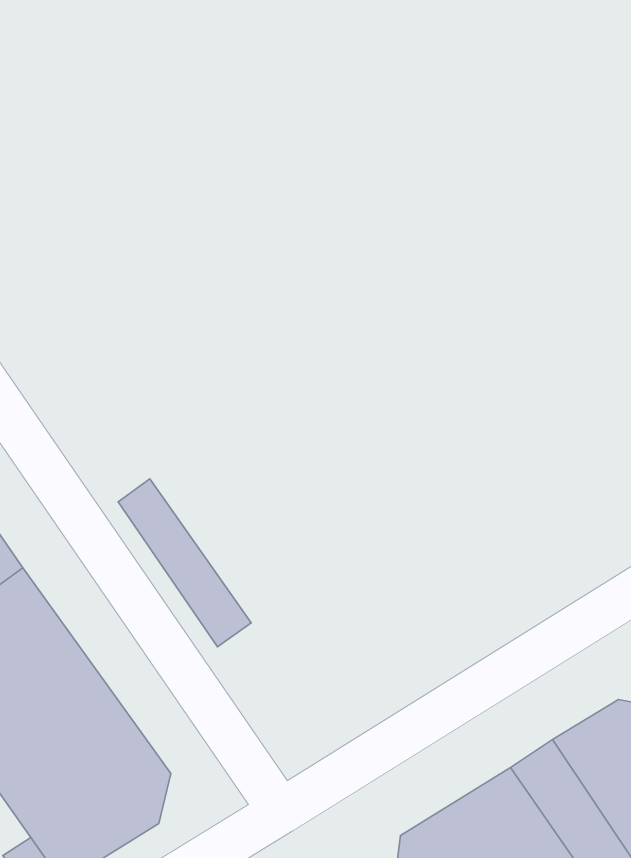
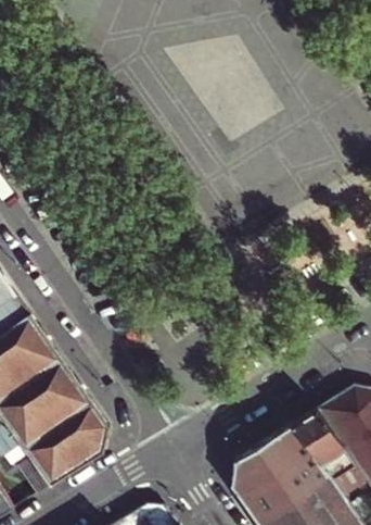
building: [118,479,251,647] -> none

